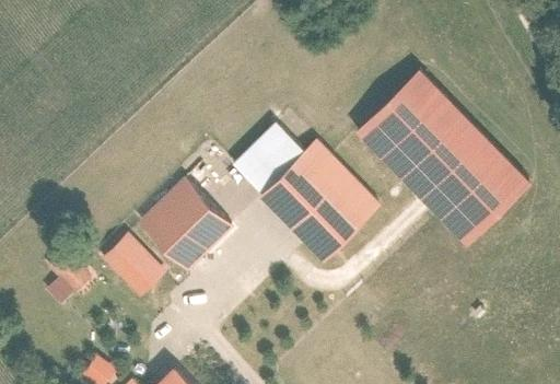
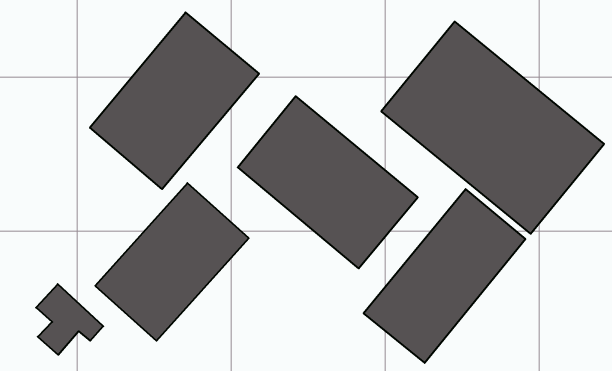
building: none -> [90,12,259,189]
building: none -> [364,189,525,363]

